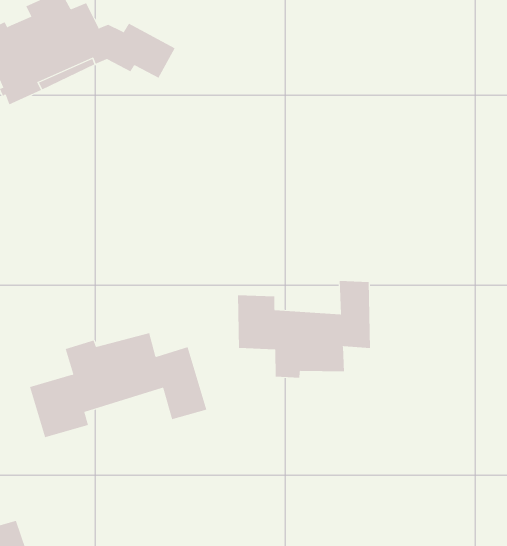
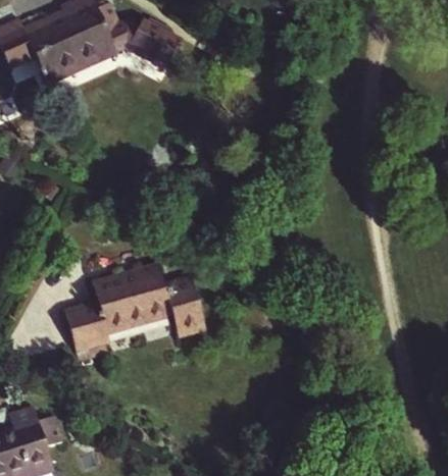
building: [238,280,370,379] -> none

